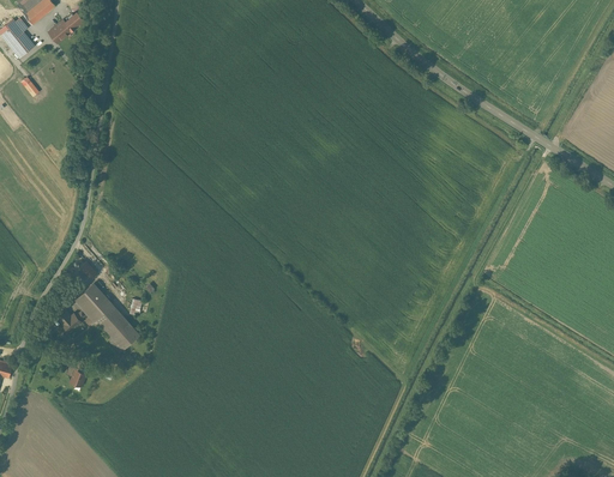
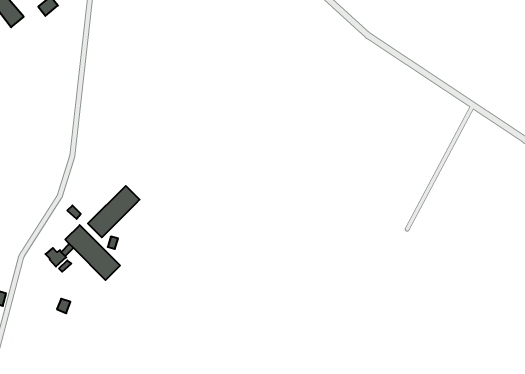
building: none -> [88,186,140,237]

